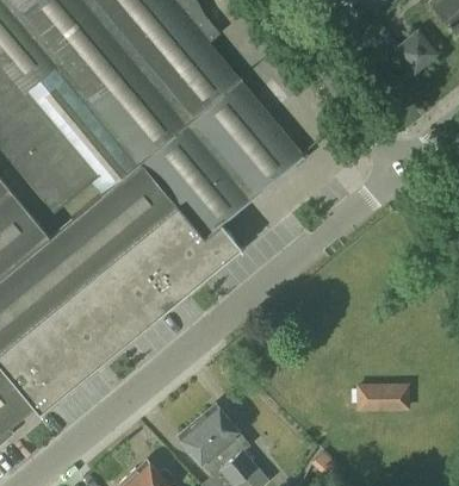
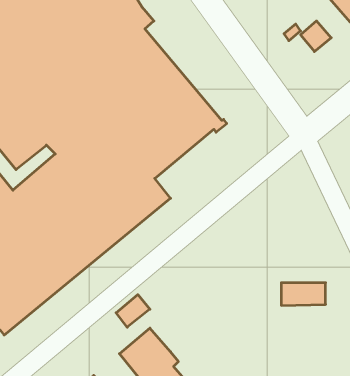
building: none -> [116,295,150,327]
building: [355,384,409,411] -> [281,283,326,305]

